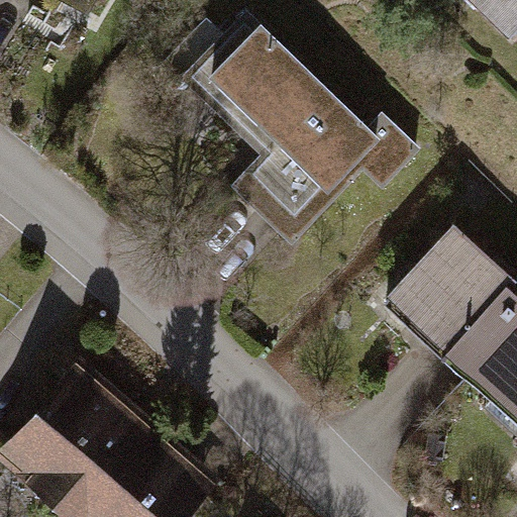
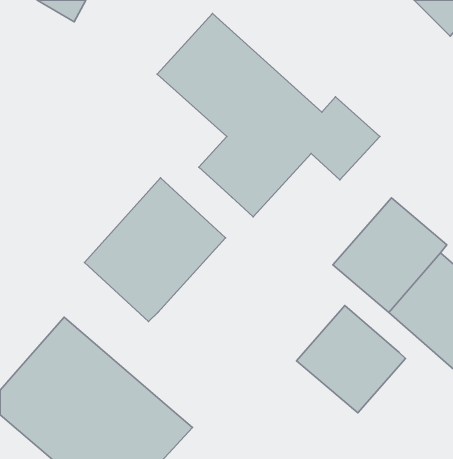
building: none -> [84,178,226,322]
building: none -> [296,305,405,413]

